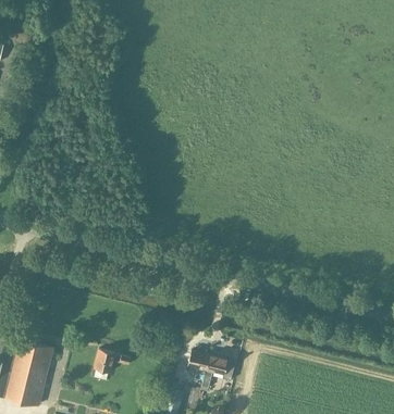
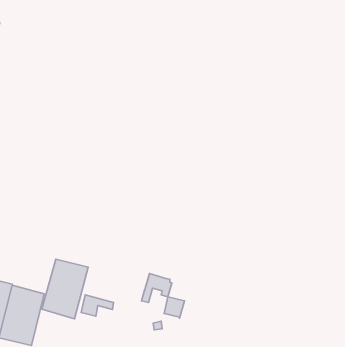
building: none -> [42,259,88,319]
building: [201,355,235,388] -> [142,273,172,303]

